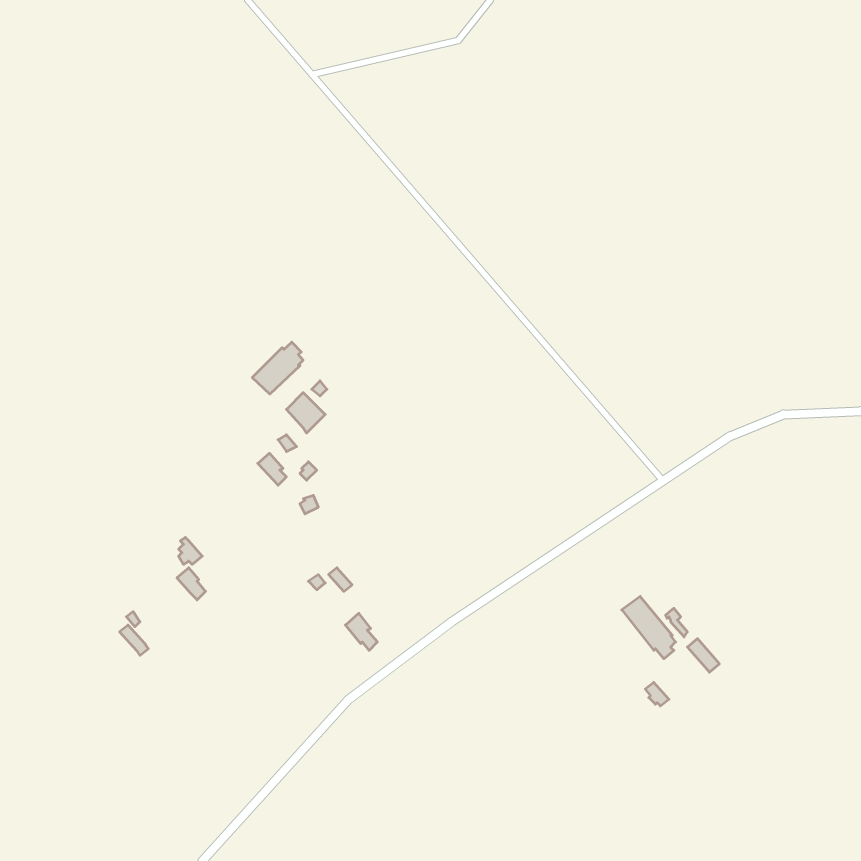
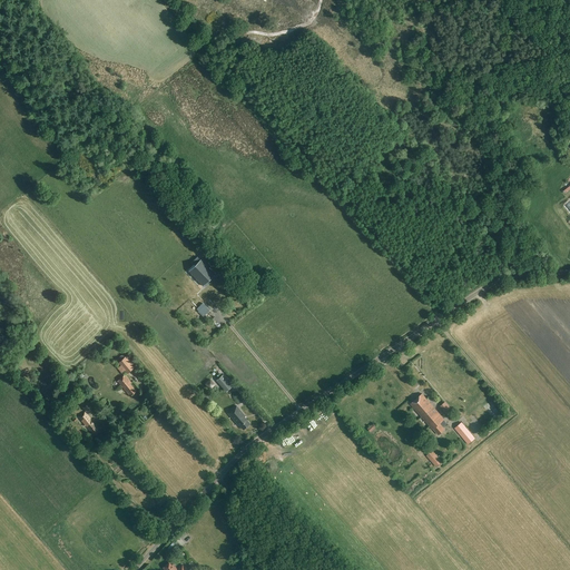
building: [252,342,303,394] -> none

